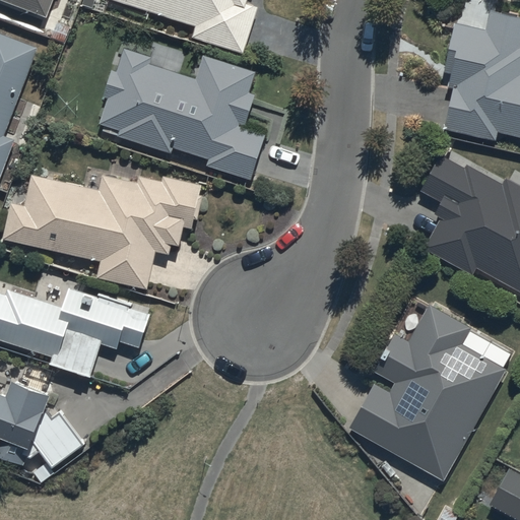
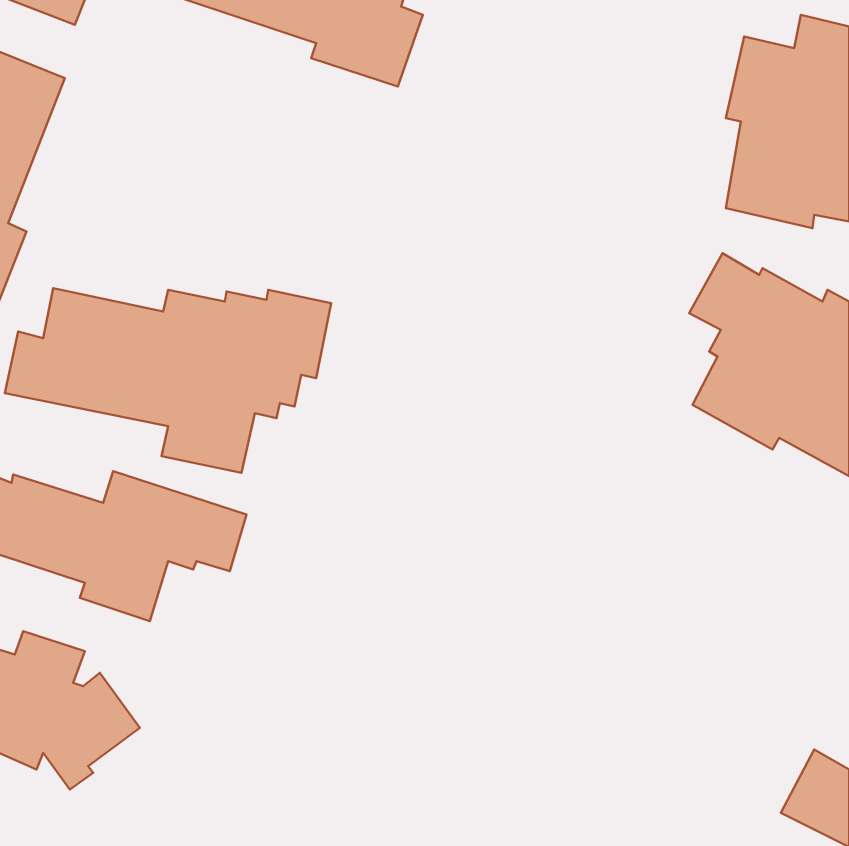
building: [100,49,264,180] -> none
building: [348,305,504,479] -> none

